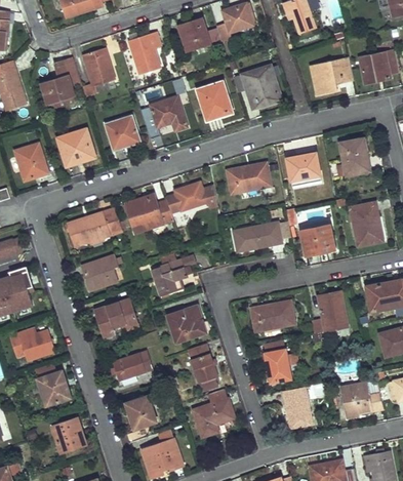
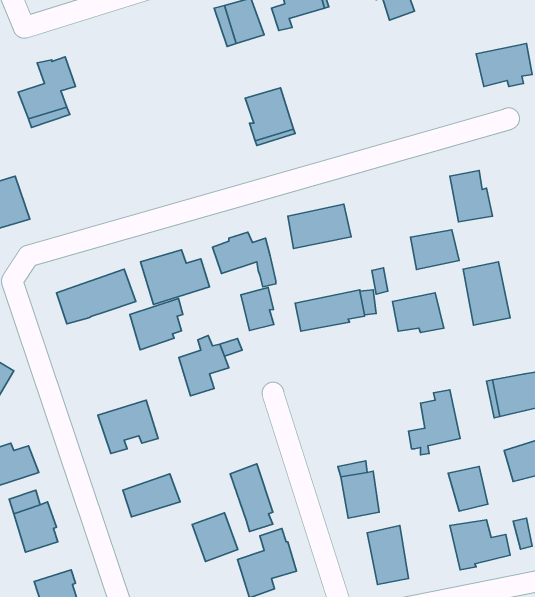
building: [128,34,161,75] -> none
building: [82,48,114,96] -> none
building: [311,59,353,95] -> none
building: [233,66,280,108] -> none
building: [140,96,188,132] -> none
building: [105,117,138,150] -> none
building: [58,131,93,165] -> none
building: [286,154,320,182] -> [411,230,459,269]
building: none -> [241,287,274,331]
building: [81,255,118,291] -> [130,298,183,350]
building: [251,302,294,331] -> none
building: [168,306,206,343] -> none
building: none -> [448,466,488,511]
building: [125,395,157,429] -> [192,513,238,561]

